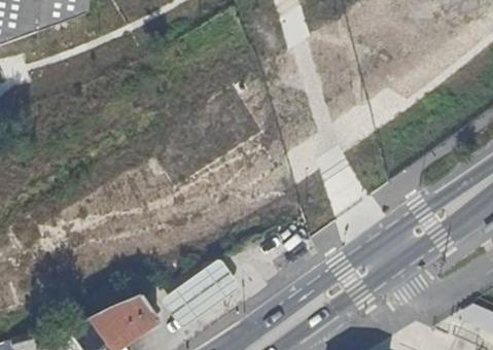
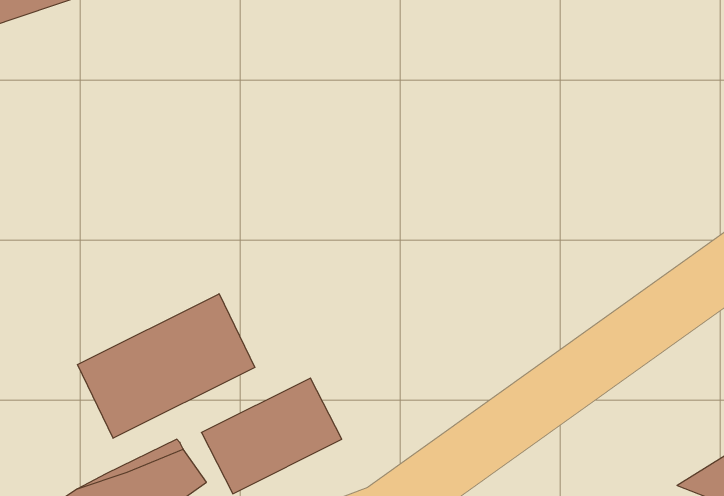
building: none -> [77,294,255,438]

